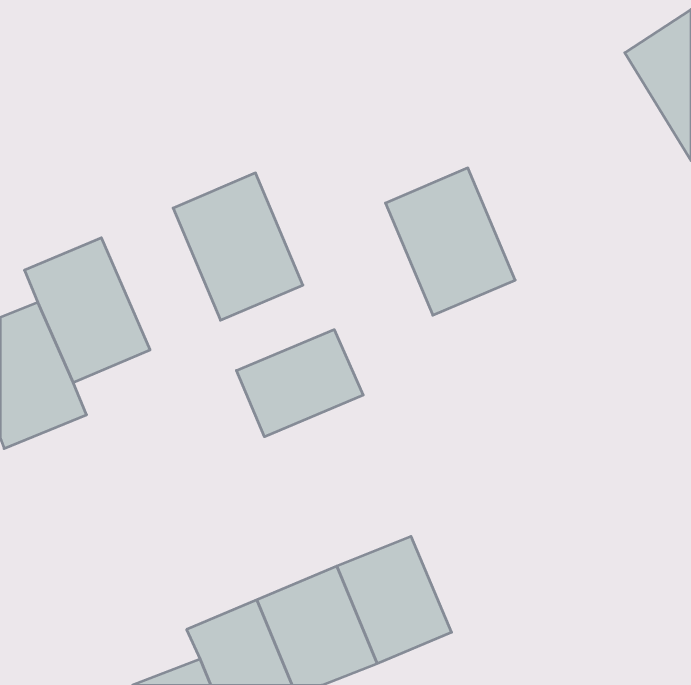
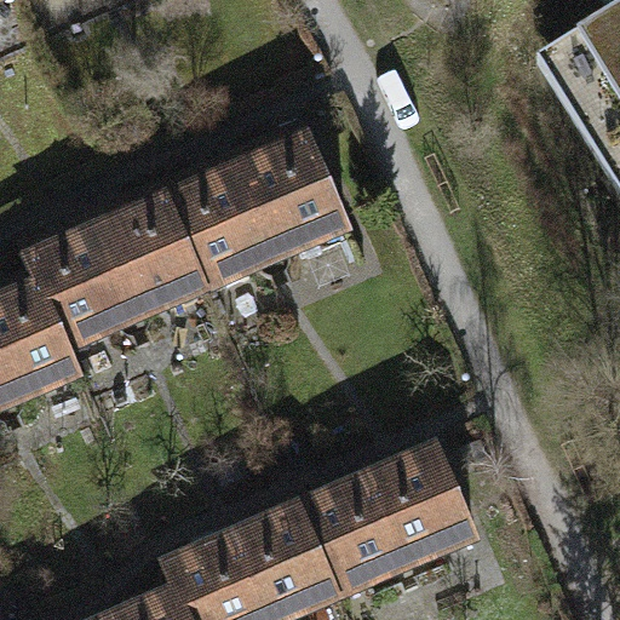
building: [385,168,515,315] -> [229,124,345,256]
building: none -> [91,186,197,314]
building: [236,330,363,437] -> none
building: none -> [368,452,472,567]

